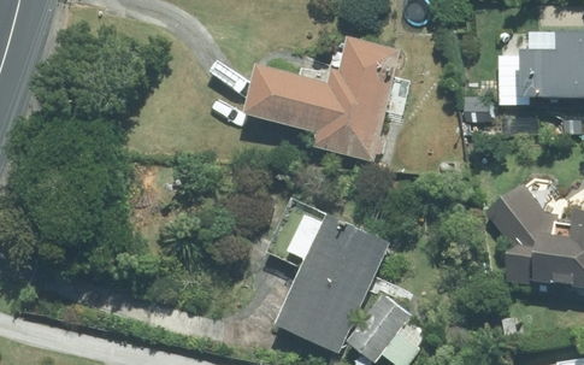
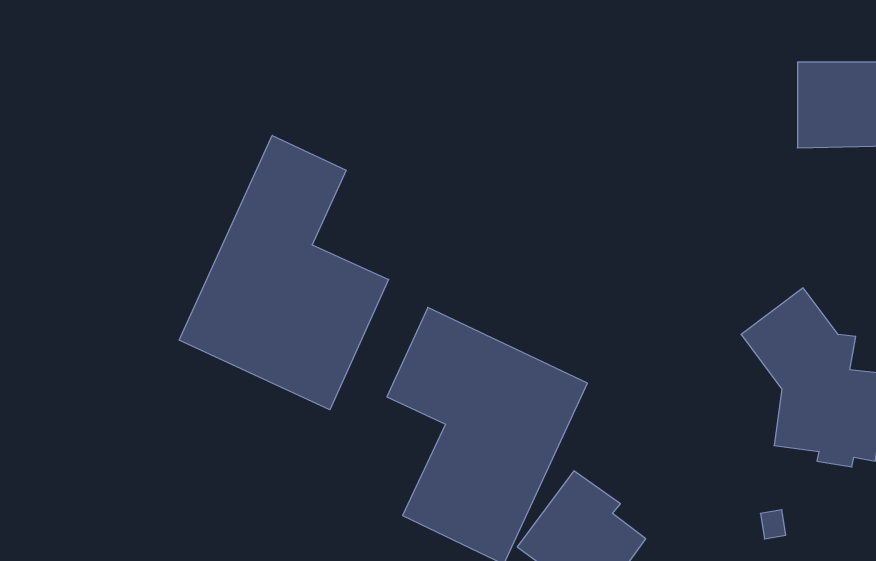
building: [247,35,403,163] -> none
building: none -> [179,135,389,410]

